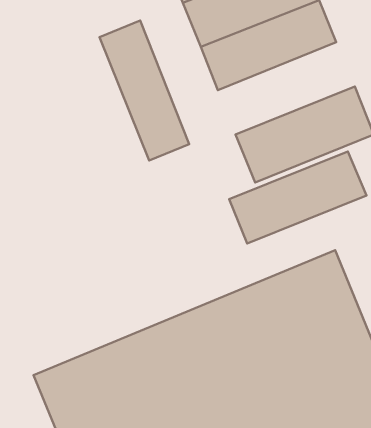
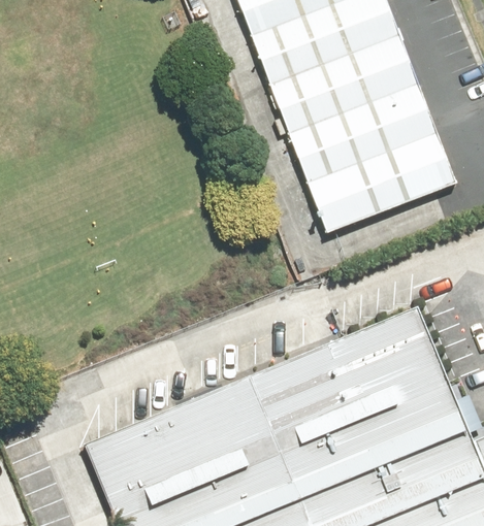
building: [99,21,189,160] -> none
building: [229,151,367,244] -> [288,79,439,180]

